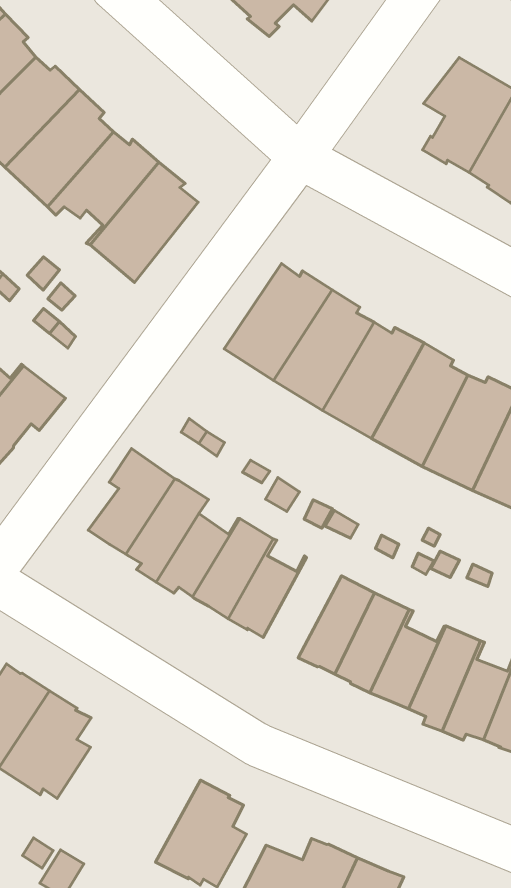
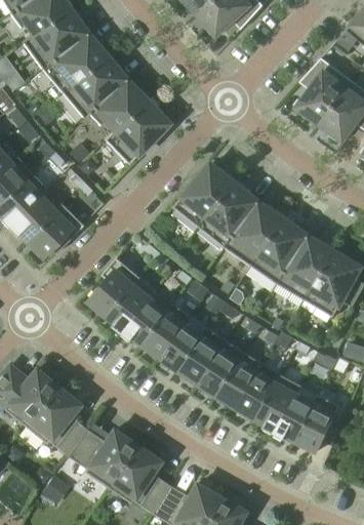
building: none -> [178,328,226,383]
building: none -> [65,430,135,489]

